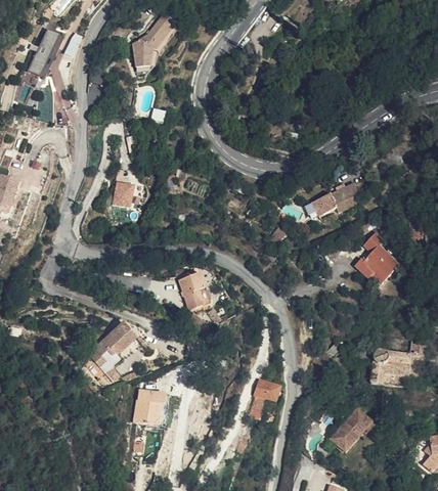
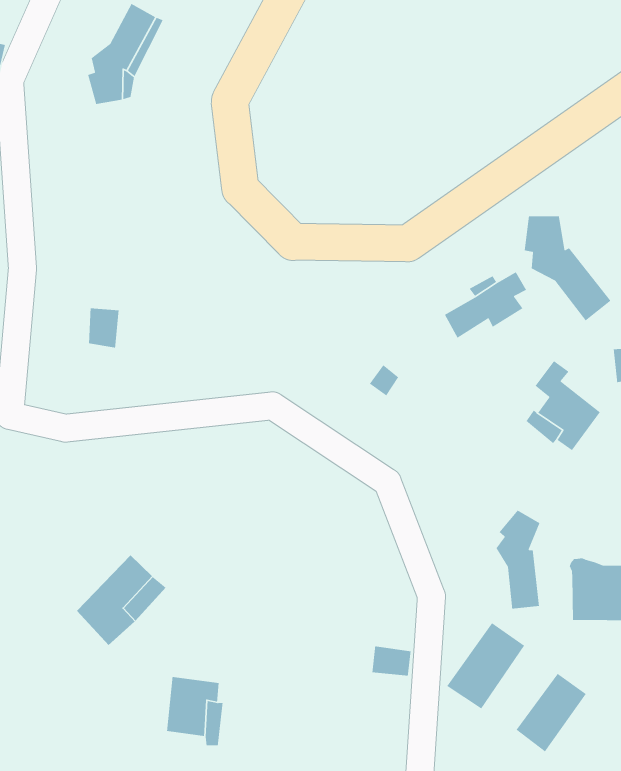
building: none -> [524,215,612,321]
building: [171,271,201,310] -> none
building: none -> [496,509,541,609]
building: none -> [446,622,525,709]

